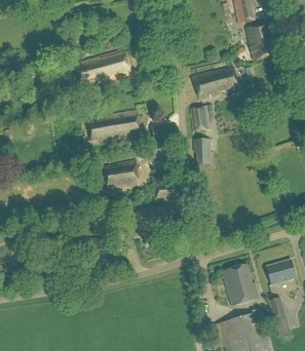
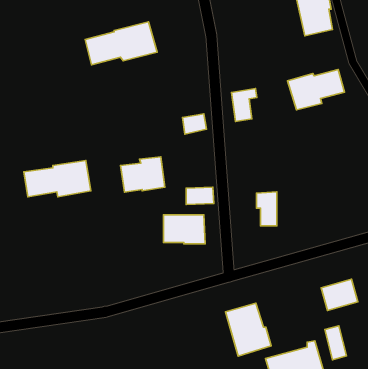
building: [191,67,237,100] -> [288,70,344,110]
building: [86,110,141,140] -> [24,160,91,197]
building: [193,138,209,165] -> [257,192,277,226]
building: [221,263,258,306] -> [226,303,271,356]

